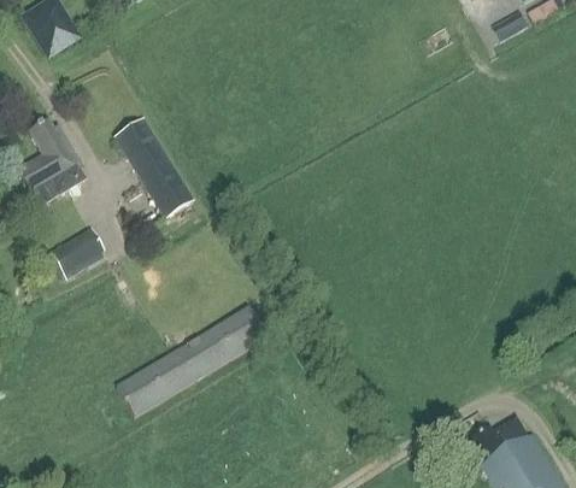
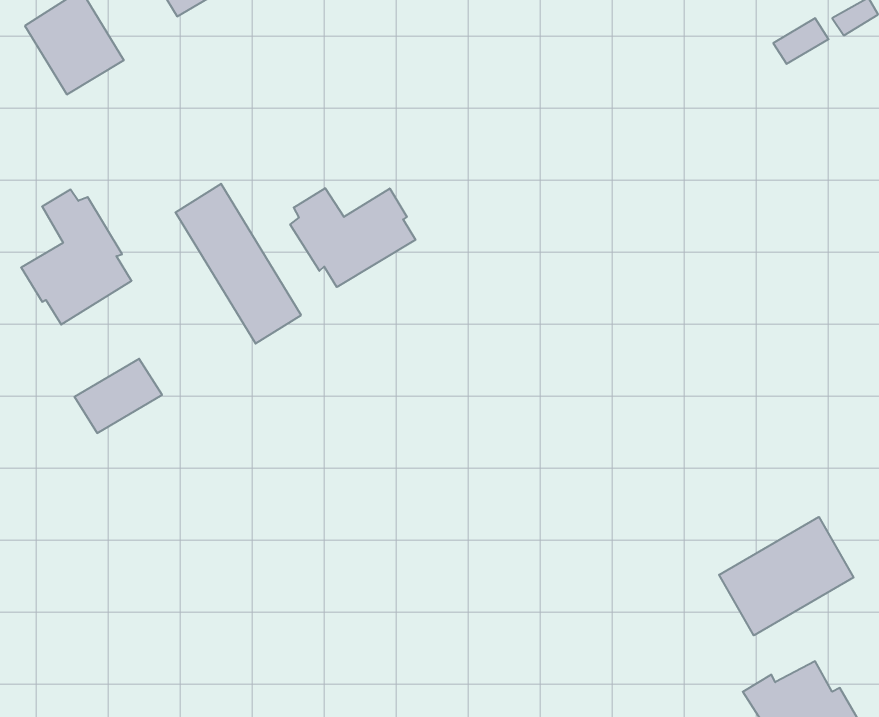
building: none -> [290,188,415,287]
building: [116,306,266,416] -> none
building: none -> [719,517,854,635]

